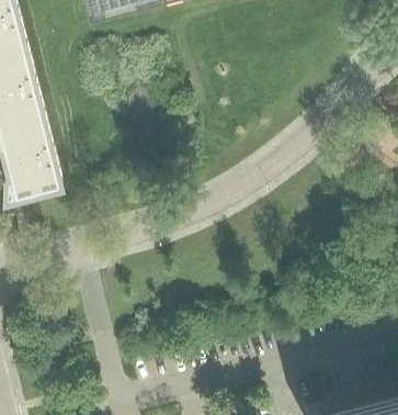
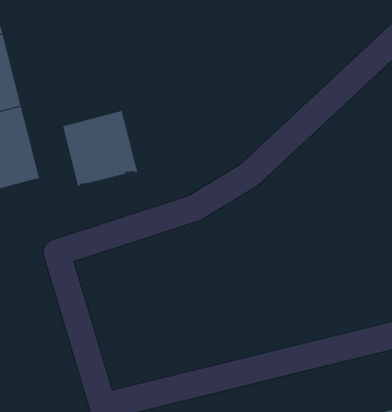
building: none -> [62,110,138,187]

